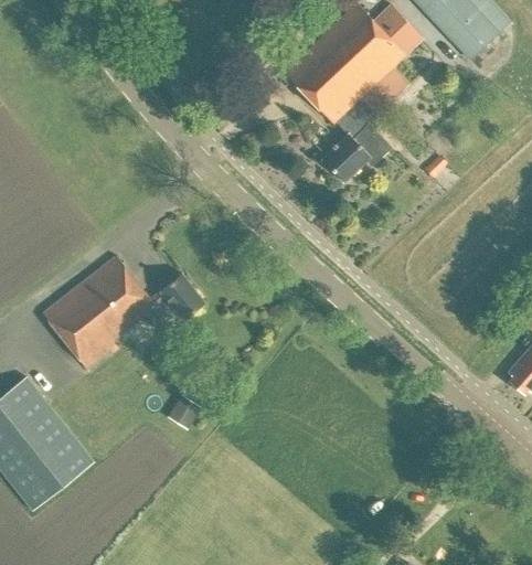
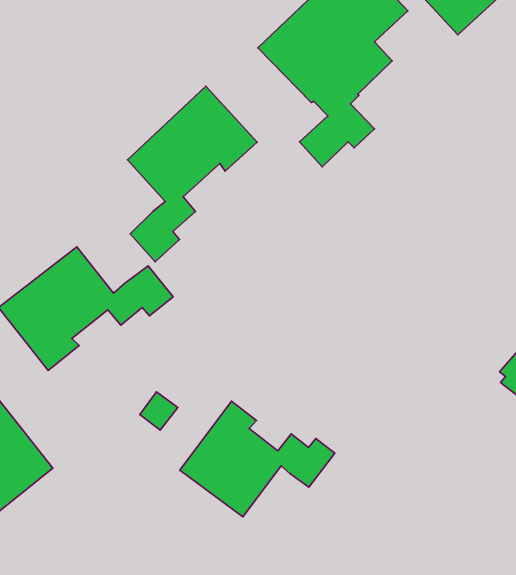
building: none -> [127,86,257,262]
building: none -> [180,401,335,517]

